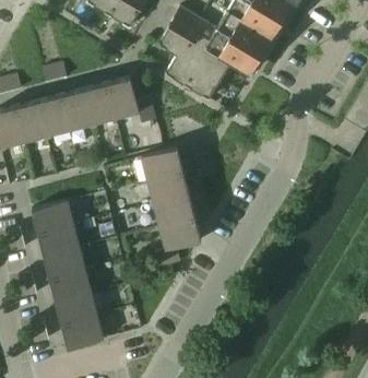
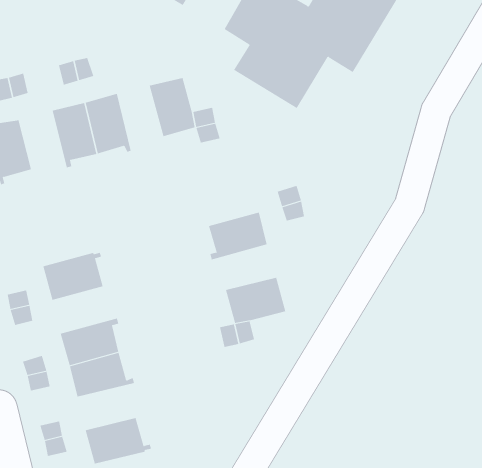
building: [84,83,116,129] -> none
building: [15,101,48,142] -> none
building: [138,147,183,181] -> none
building: [150,194,195,226] -> none
building: [38,224,84,257] -> none
building: [56,292,97,324] -> none

